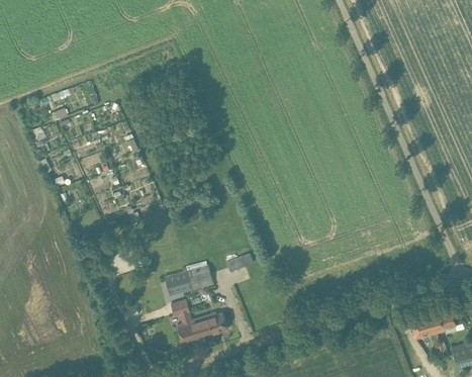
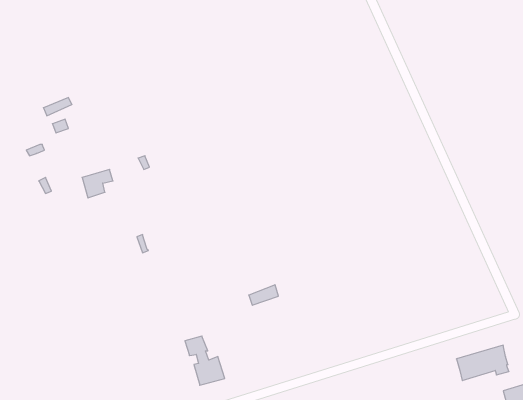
building: [167,267,213,295] -> none
building: [199,312,228,337] -> none

